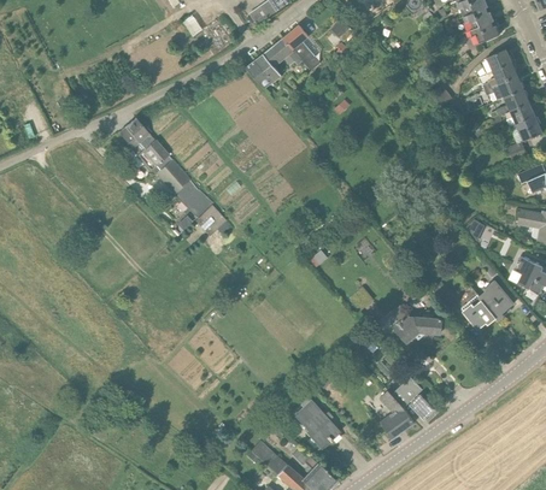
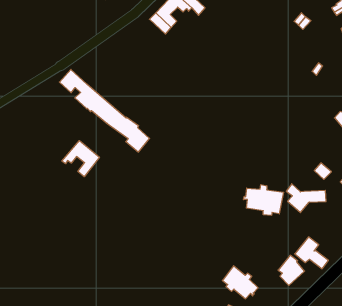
building: none -> [62,141,99,177]
building: none -> [244,185,284,215]

